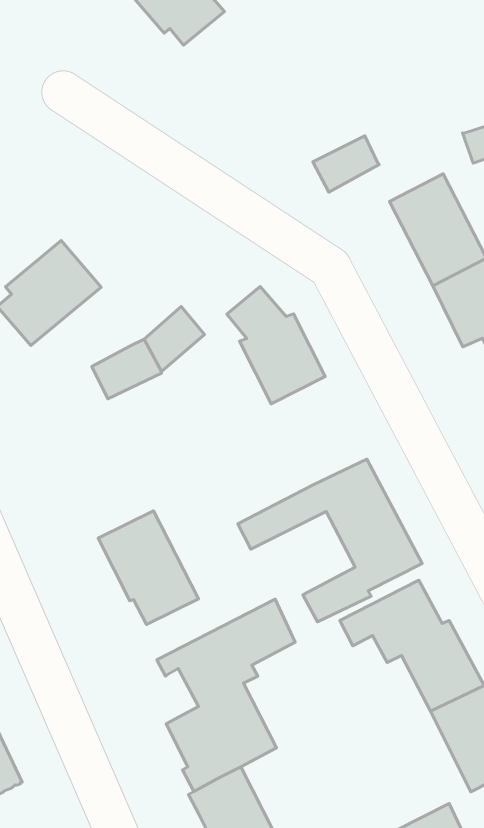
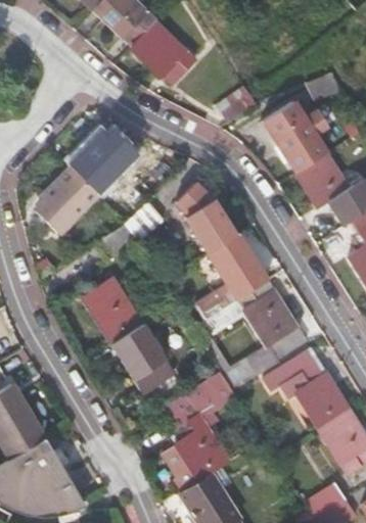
building: none -> [131,21,195,84]
building: none -> [72,139,136,193]
building: none -> [207,234,267,299]
building: none -> [88,277,142,343]

